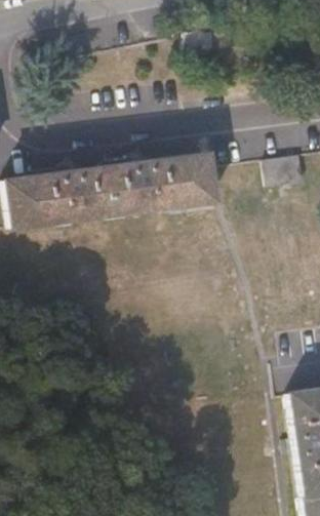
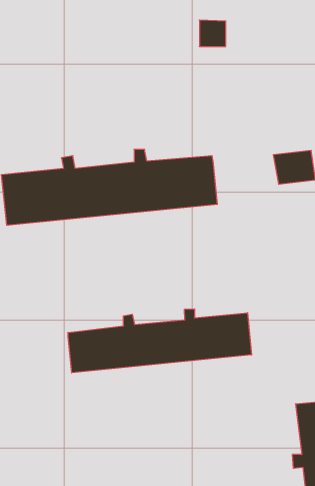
building: none -> [68,309,252,373]

